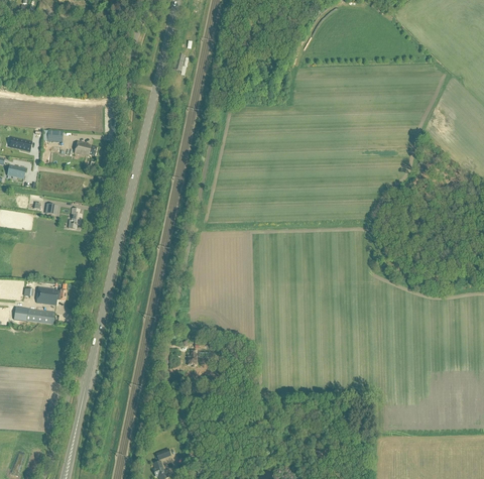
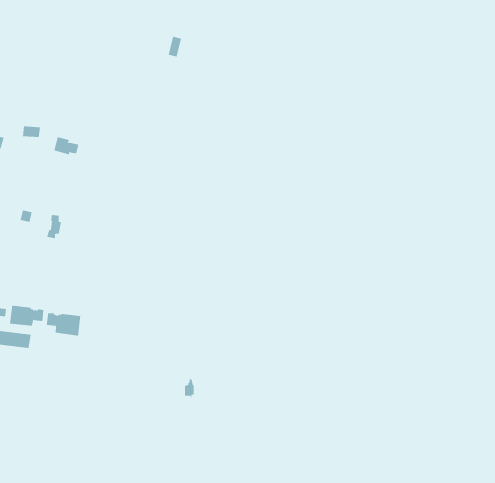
building: none -> [46,312,81,336]

